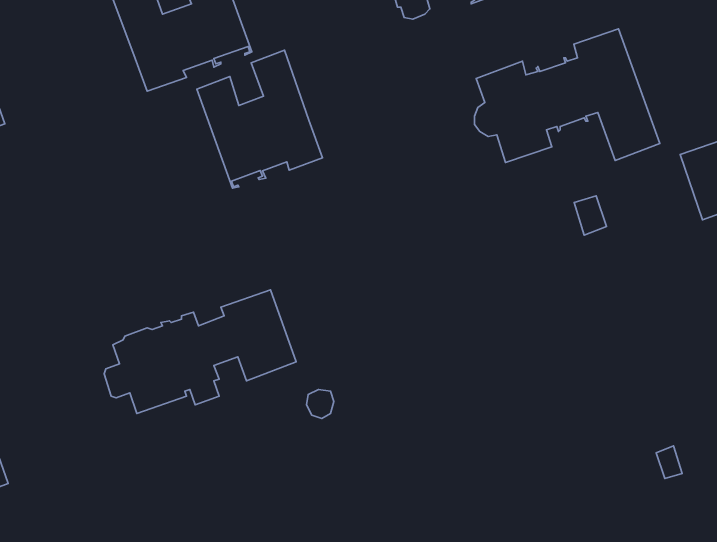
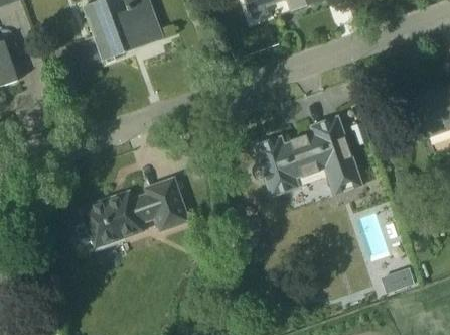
building: [475,29,660,162] -> [253,117,361,196]
building: [197,50,322,188] -> none

